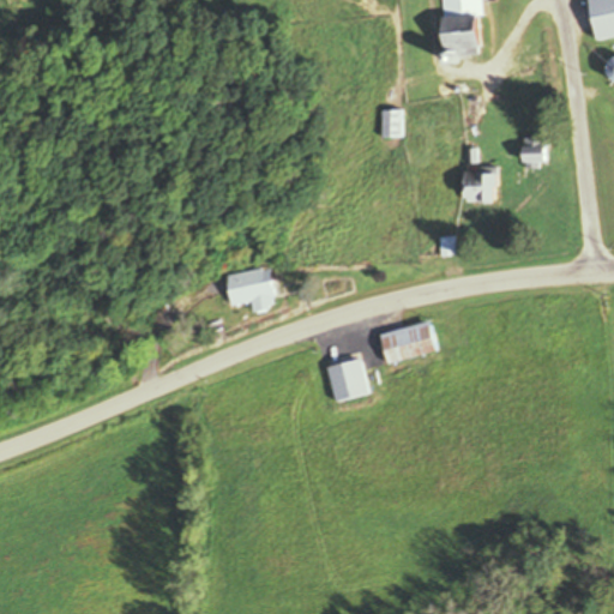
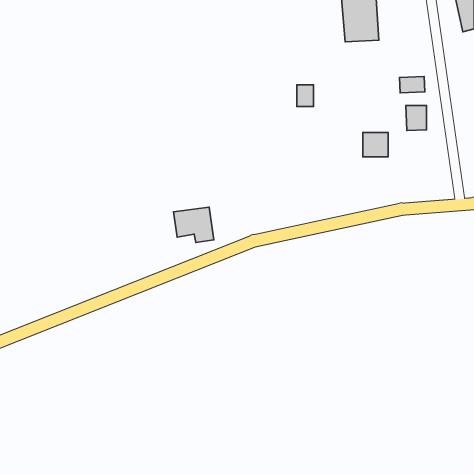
building: none -> [400,77,425,93]
building: [379,320,437,363] -> none
building: [326,359,367,401] -> none

